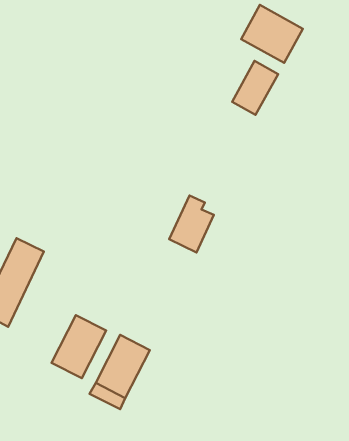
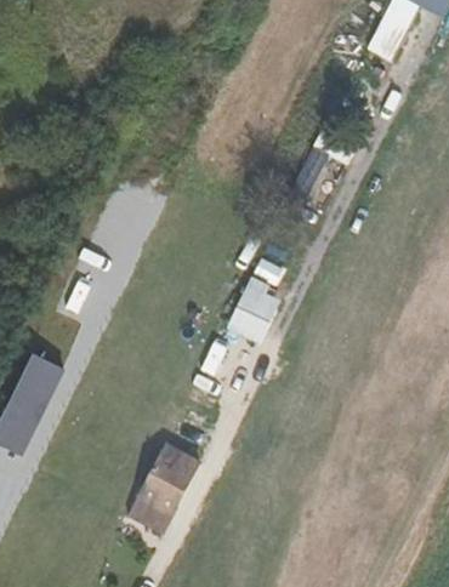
building: [241,5,303,63] -> none
building: [52,315,106,378] -> none

